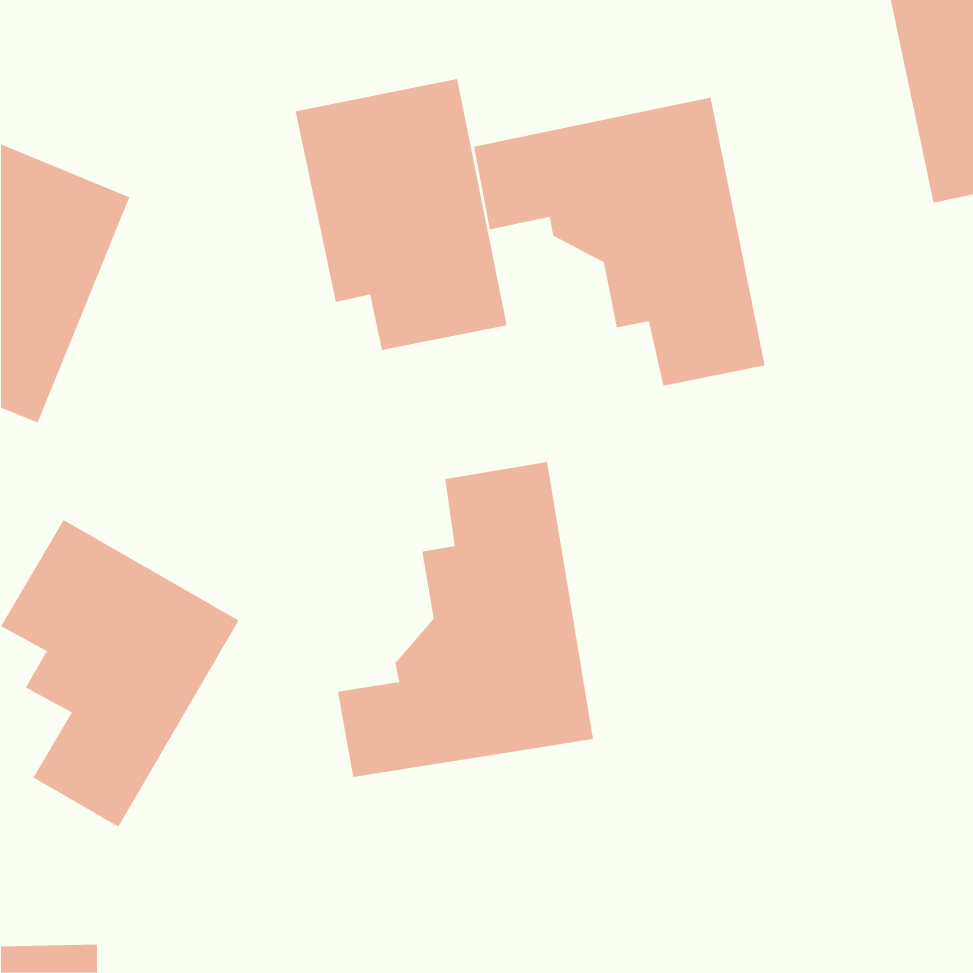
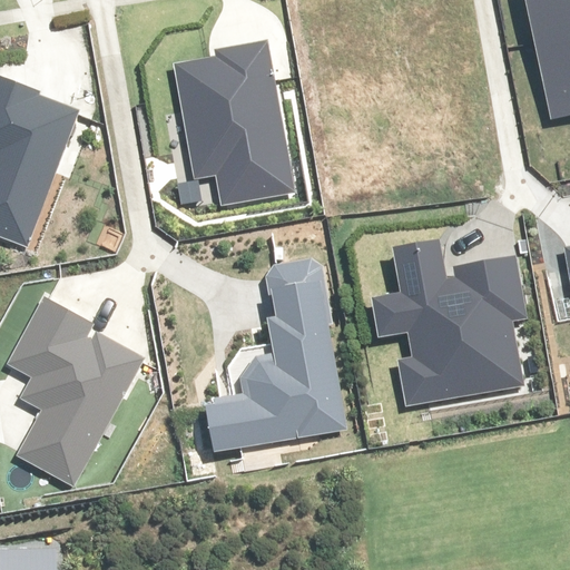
building: [474,97,765,386] -> none
building: none -> [370,242,521,405]

